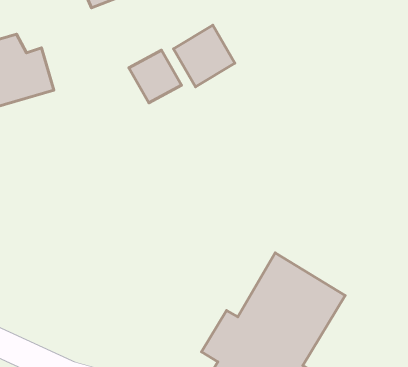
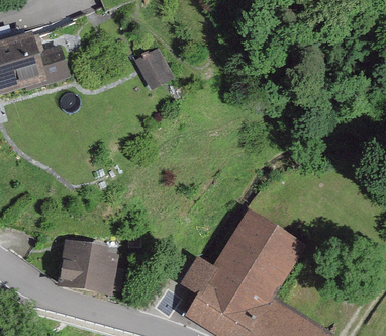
building: [174,25,235,87] -> none
building: none -> [64,234,130,292]

